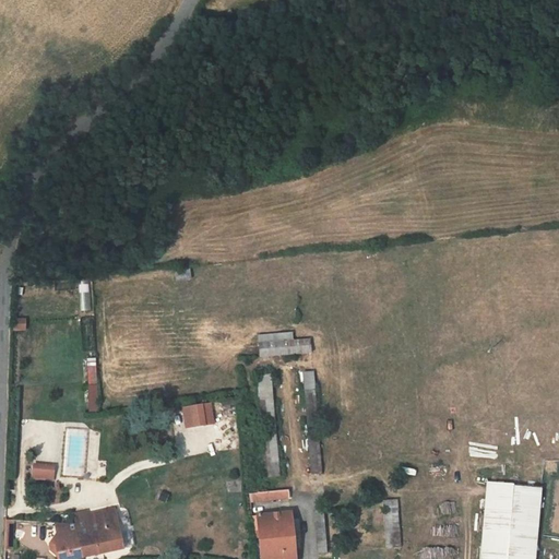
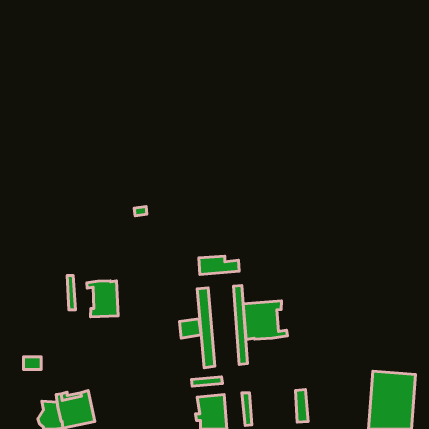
building: none -> [87,281,118,317]
building: none -> [243,301,287,340]
building: [186,404,214,429] -> [179,319,201,338]

